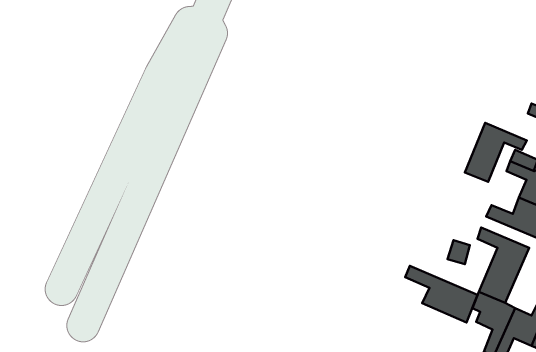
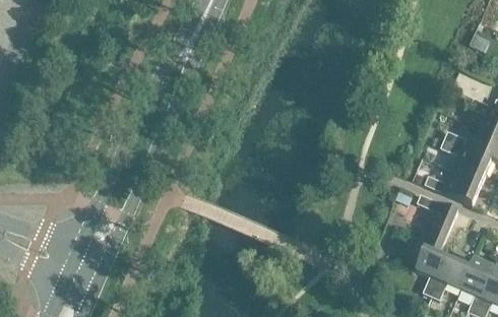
building: [465,123,527,182] -> none
building: [405,266,478,323] -> none

